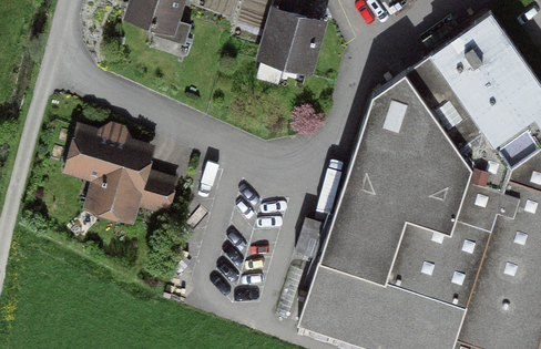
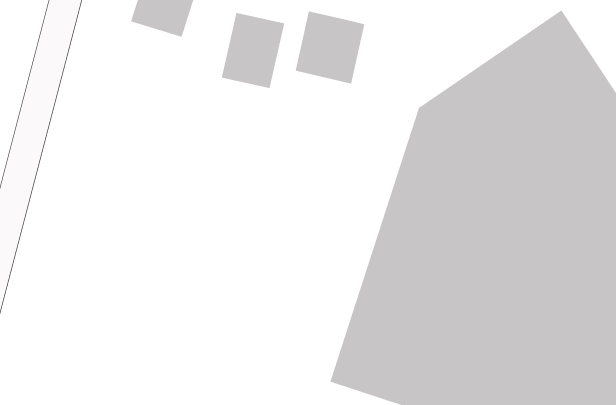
building: none -> [221,12,285,89]
building: [67,131,177,216] -> none

